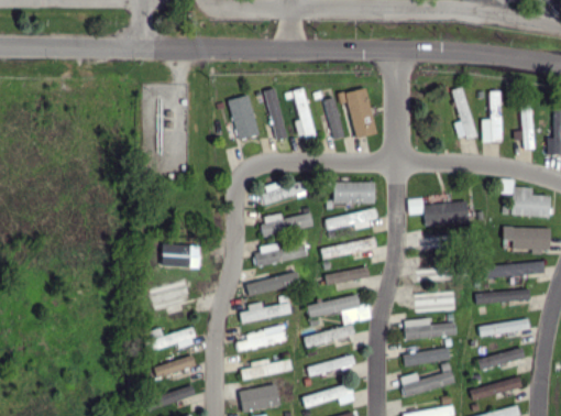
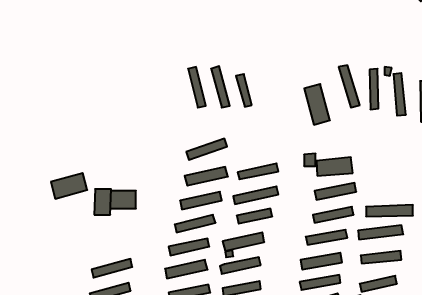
building: [344,88,376,139] -> [304,84,330,125]
building: [228,96,257,140] -> none
building: [333,183,374,204] -> none
building: [512,186,550,217] -> none
building: [503,226,550,251] -> none
building: [142,281,187,313] -> [51,173,87,199]

